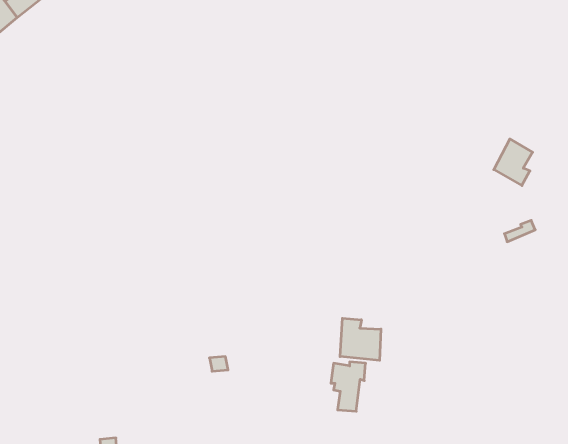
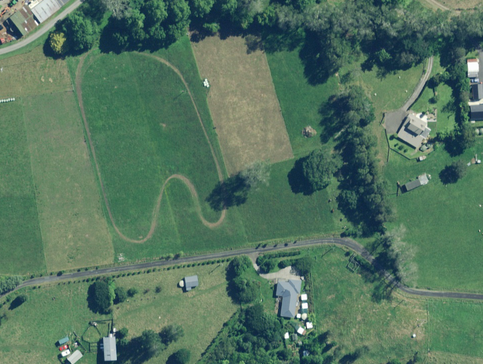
building: [340,318,381,360] -> none

